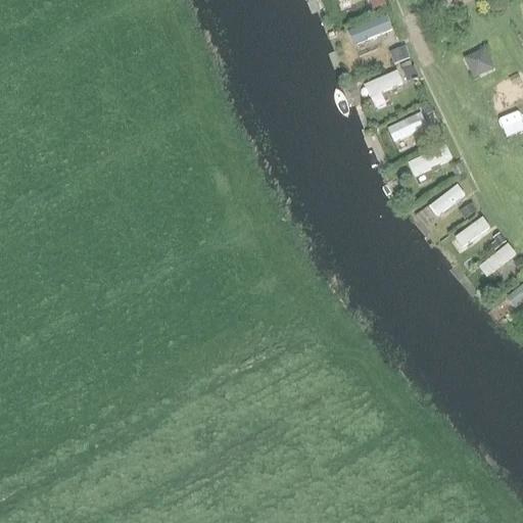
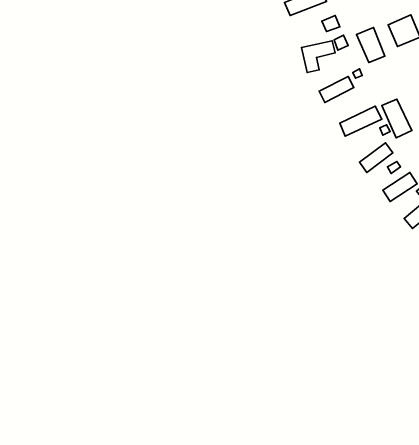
building: none -> [357,28,385,63]
building: none -> [382,99,412,138]

